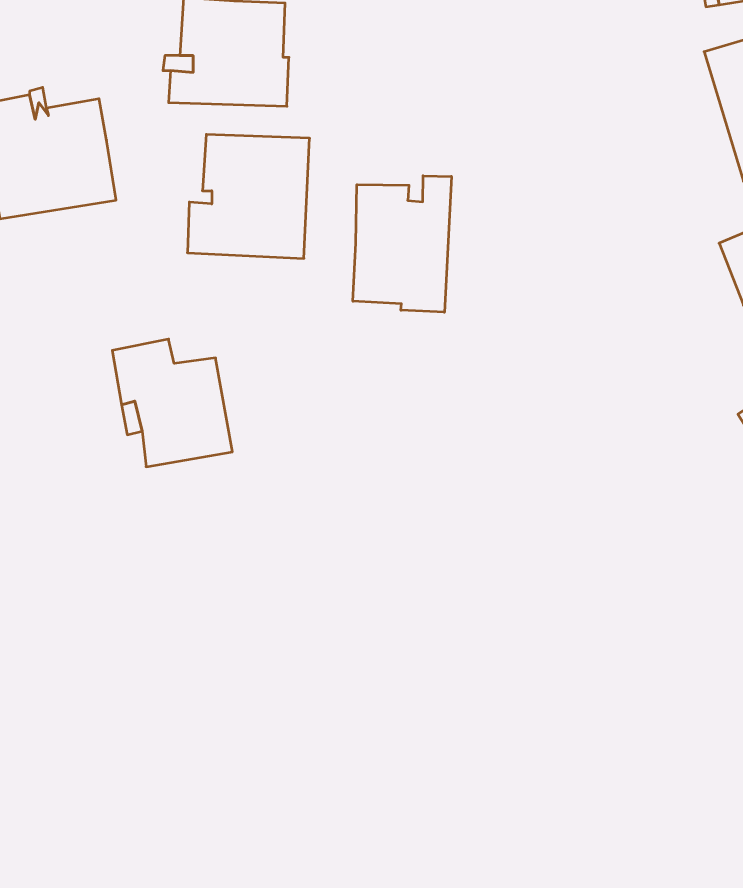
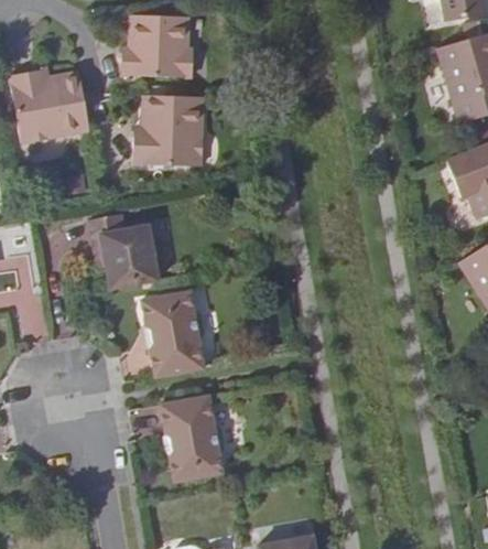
building: [353,176,451,312] -> none
building: none -> [143,291,206,378]
building: none -> [163,395,226,482]

